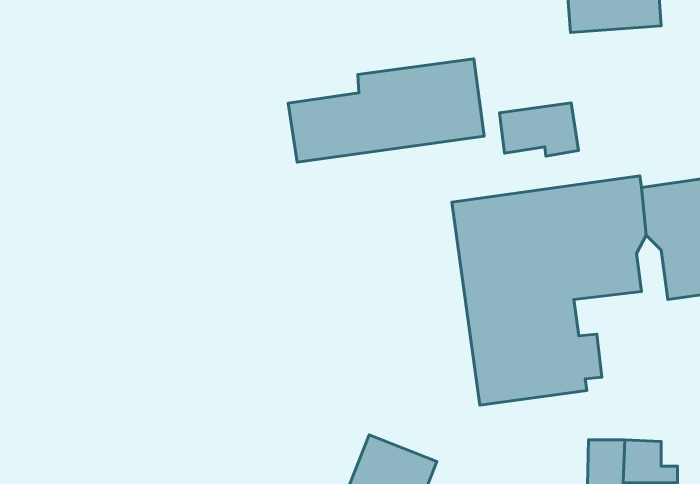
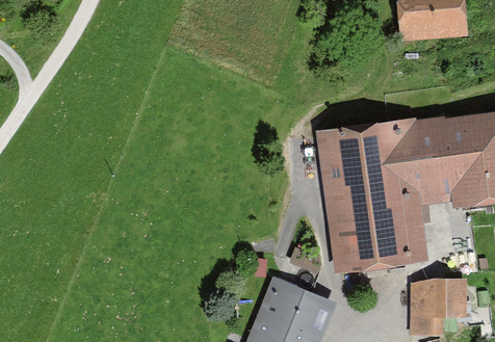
building: [288,59,484,162] -> none
building: [500,103,578,156] -> none

